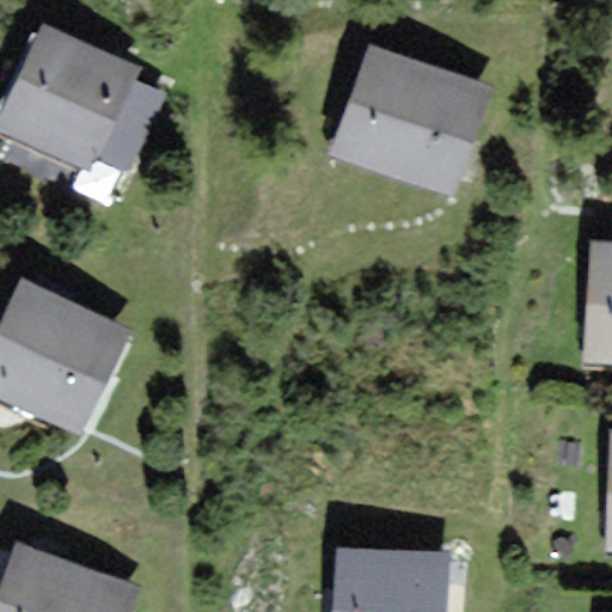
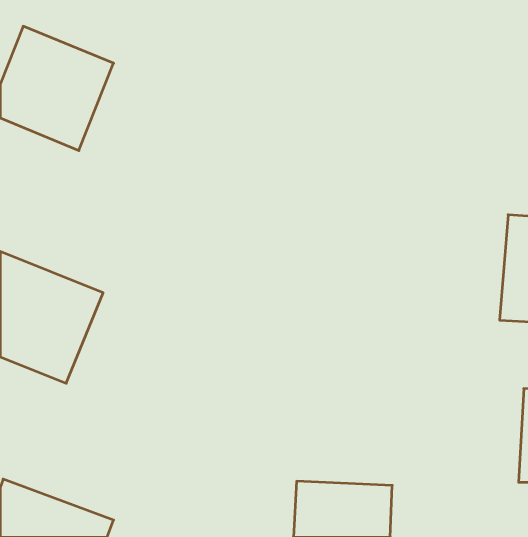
building: [329,50,492,196] -> none

